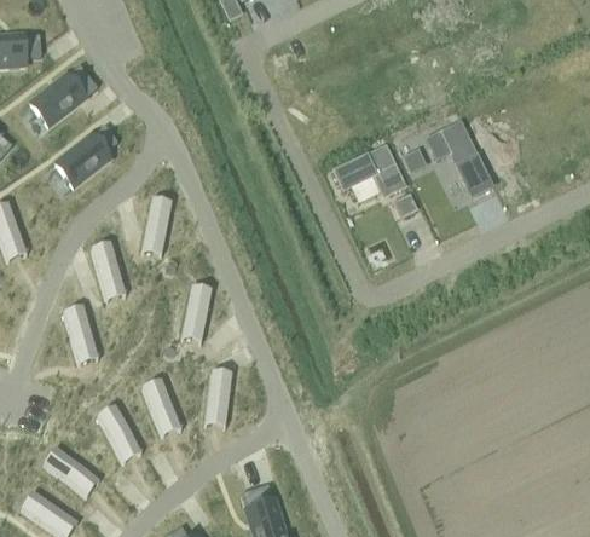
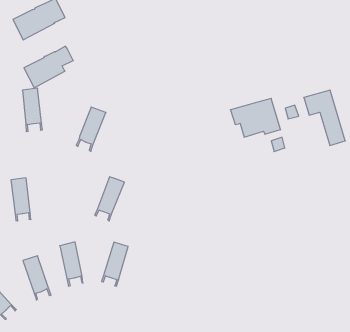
building: [91,243,126,302] -> [22,88,42,132]

